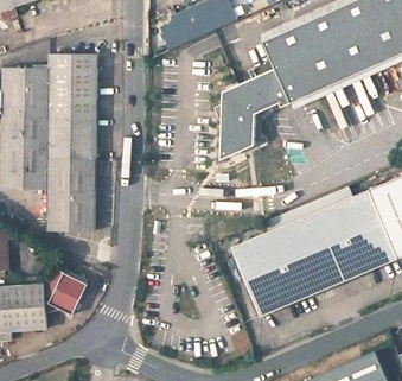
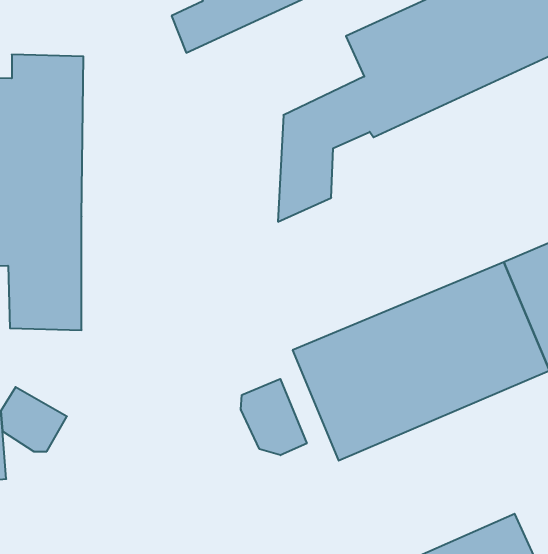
building: none -> [241,379,307,455]

